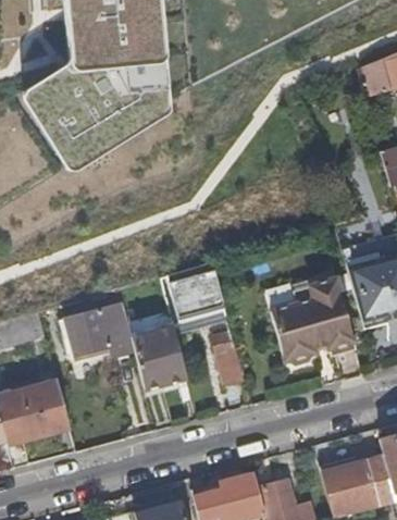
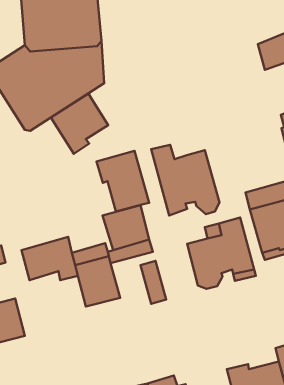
building: none -> [51,93,108,154]
building: none -> [151,145,220,216]
building: none -> [97,151,149,212]

